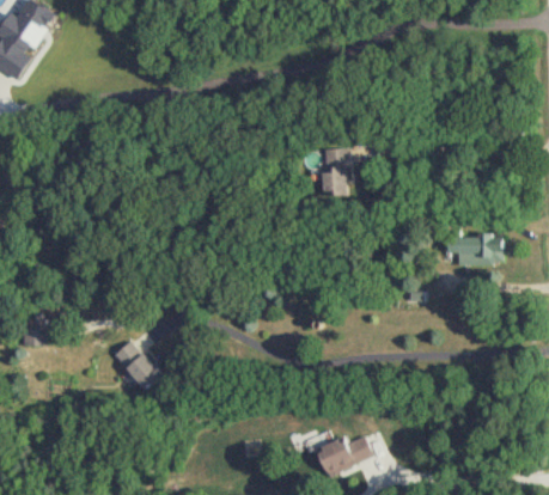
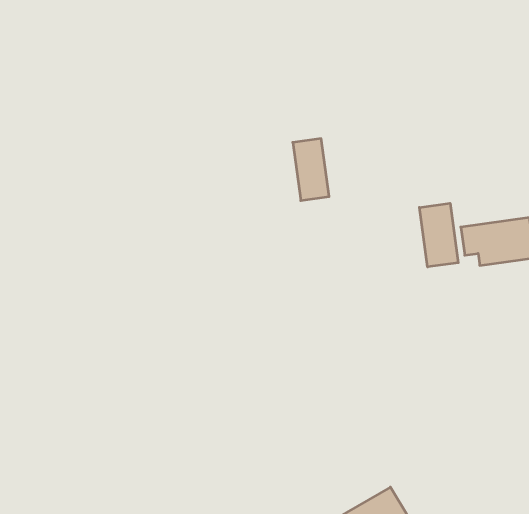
building: none -> [419,203,458,267]
building: [116,342,160,392] -> none

